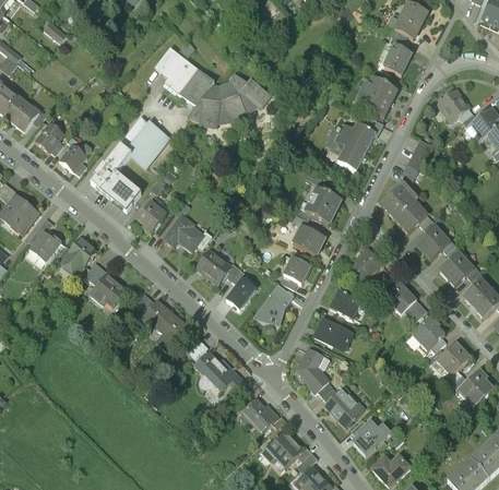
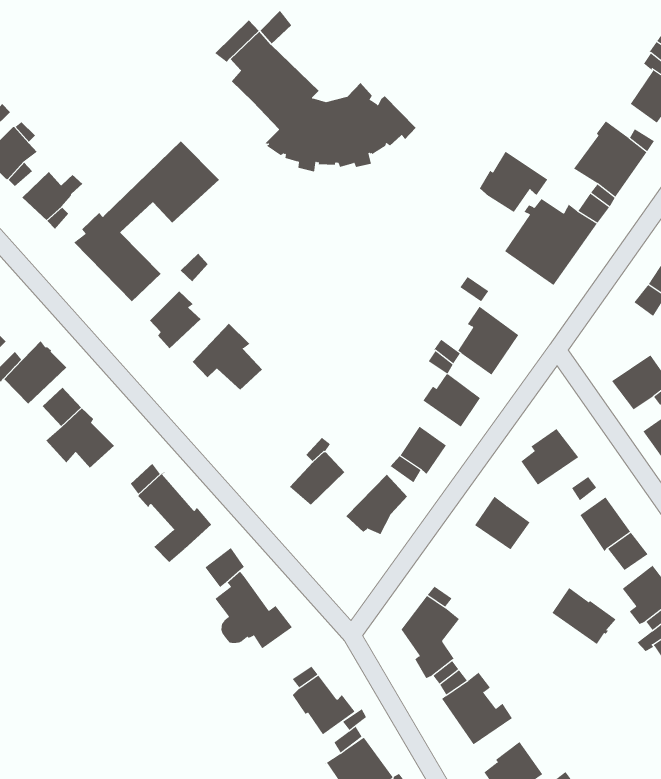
building: none -> [479,151,548,213]
building: [383,181,415,218] -> none
building: [197,250,230,283] -> none
building: [316,320,352,349] -> [551,587,616,645]

